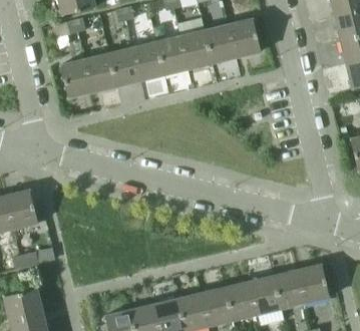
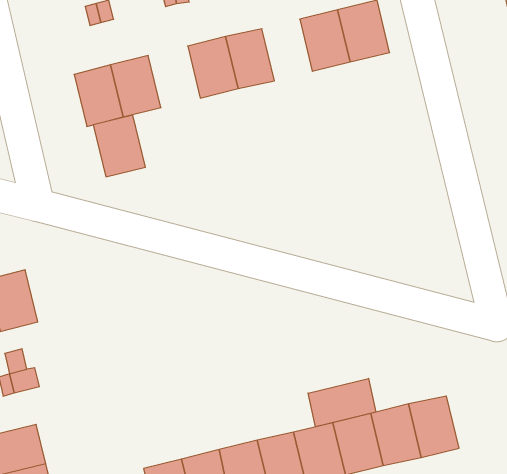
building: [179,30,212,69] -> none
building: [107,47,140,86] -> [93,115,145,177]
building: none -> [308,378,376,427]
building: [297,264,329,303] -> none

